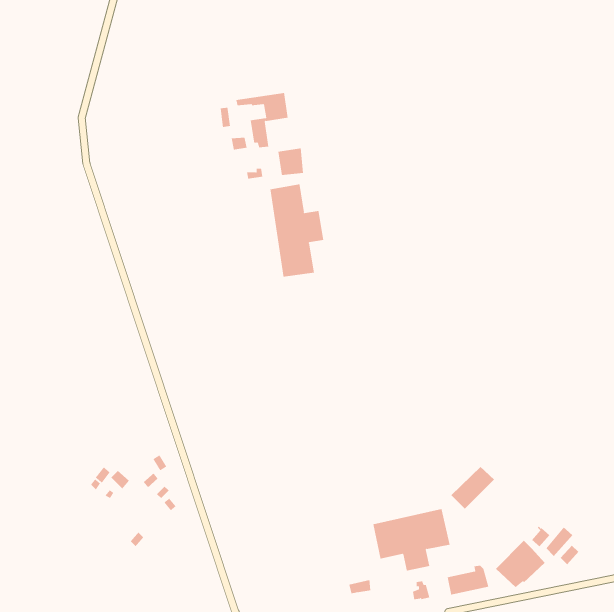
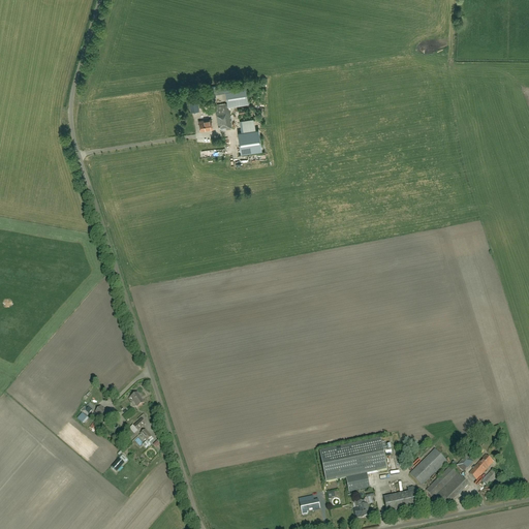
building: [270,184,324,277] -> none
building: [450,466,495,510] -> [409,447,447,485]

